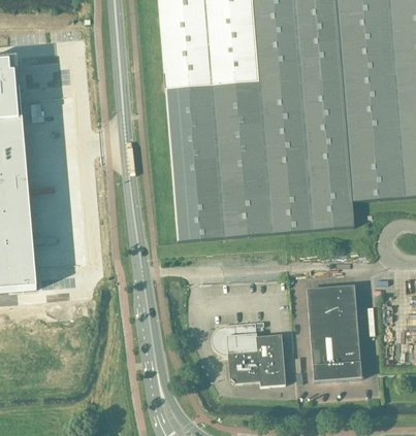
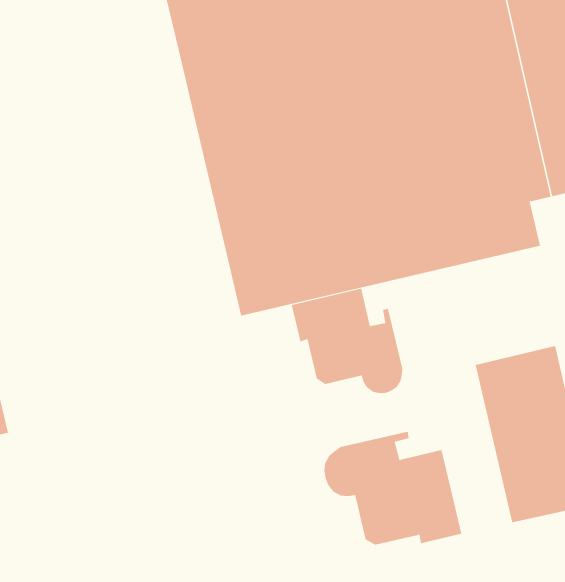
building: none -> [291,288,403,394]

